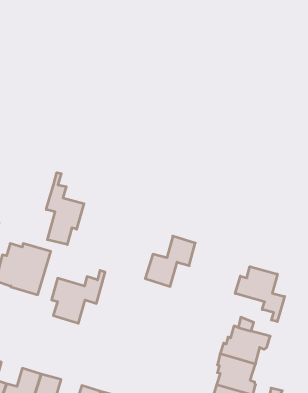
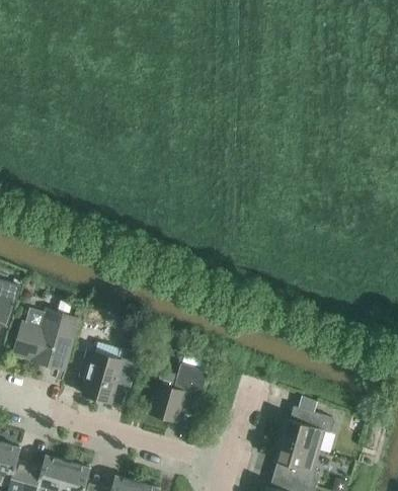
building: [46,173,84,245] -> none
building: [145,236,195,286] -> [149,362,208,421]
building: [235,267,285,322] -> none

